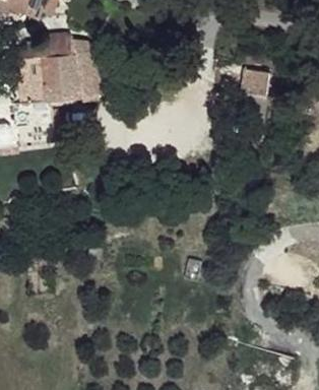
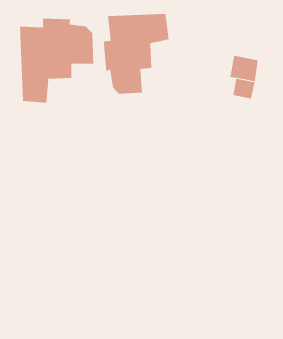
building: none -> [103,13,169,94]

